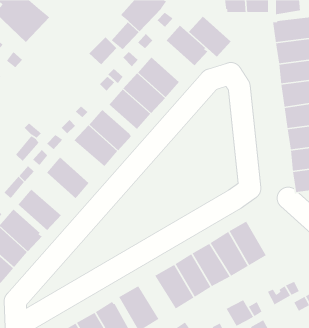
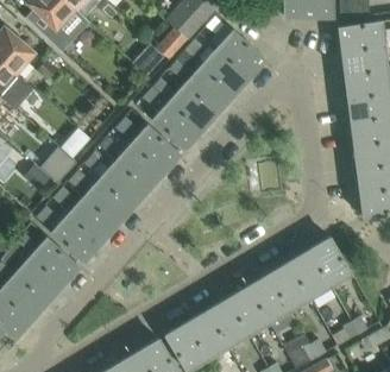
building: [188,16,232,57] -> [201,48,250,94]
building: none -> [99,159,149,207]
building: none -> [67,195,117,242]
building: none -> [308,235,353,288]
building: none -> [187,310,228,359]

